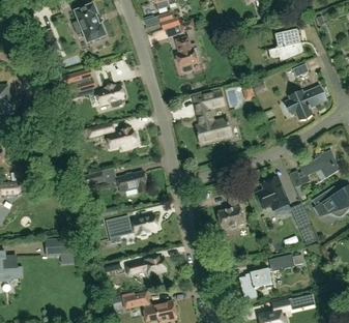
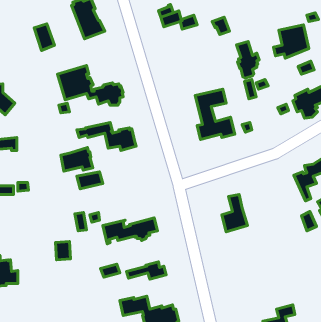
building: [176,37,198,72] -> [237,42,259,78]
building: [117,171,148,194] -> [61,148,93,171]
building: [257,177,289,210] -> none
building: [240,254,304,299] -> none

